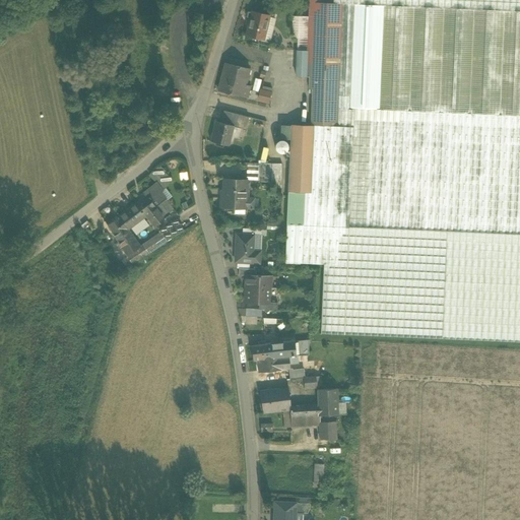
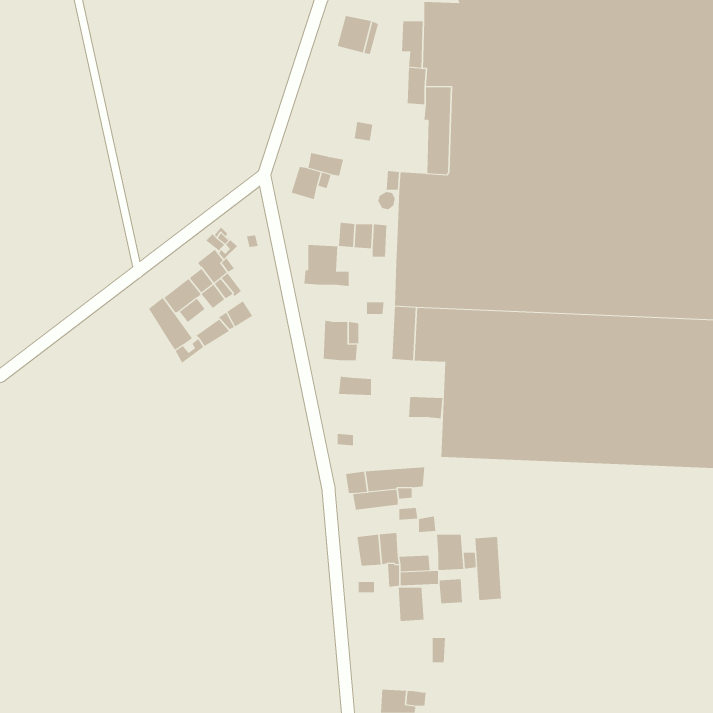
building: [218,62,252,96] -> none
building: [246,286,271,303] -> [408,396,443,419]
building: none -> [475,536,501,601]
building: none -> [398,587,424,622]

